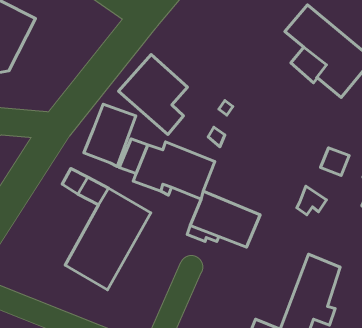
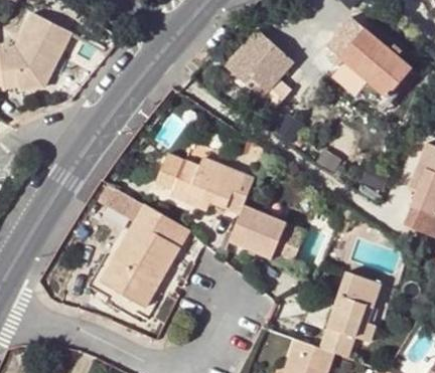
building: [118,55,188,134] -> [225,30,295,112]
building: [84,104,136,167] -> none

